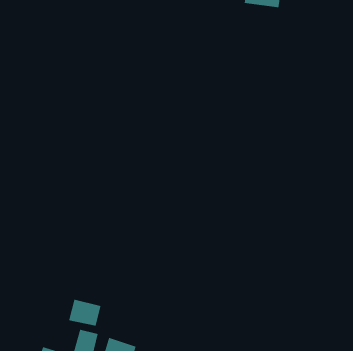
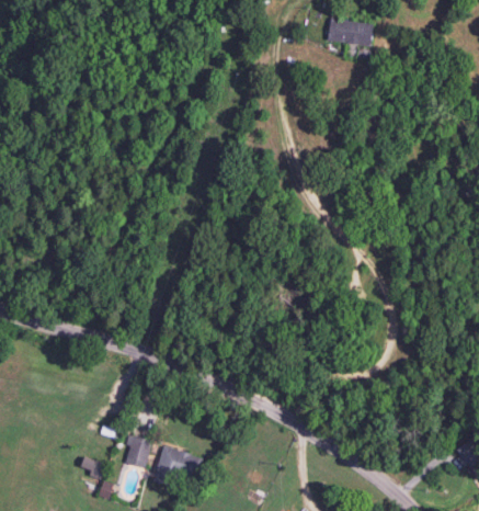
building: [69,299,101,326] -> none

